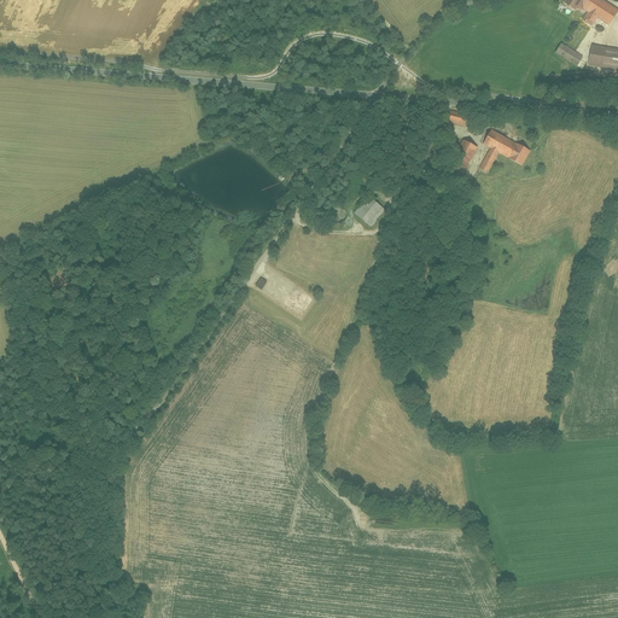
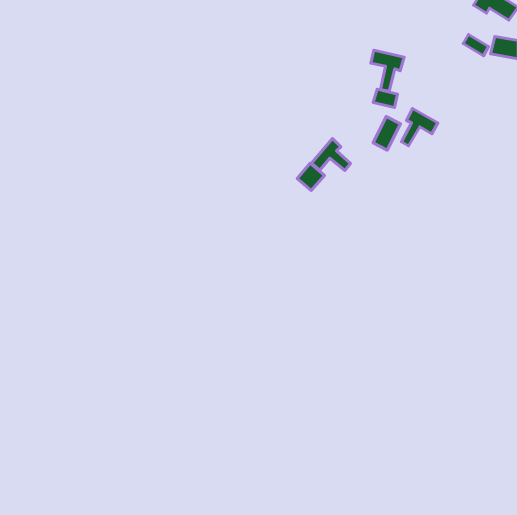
building: none -> [371,50,404,91]
building: none -> [312,139,351,170]

